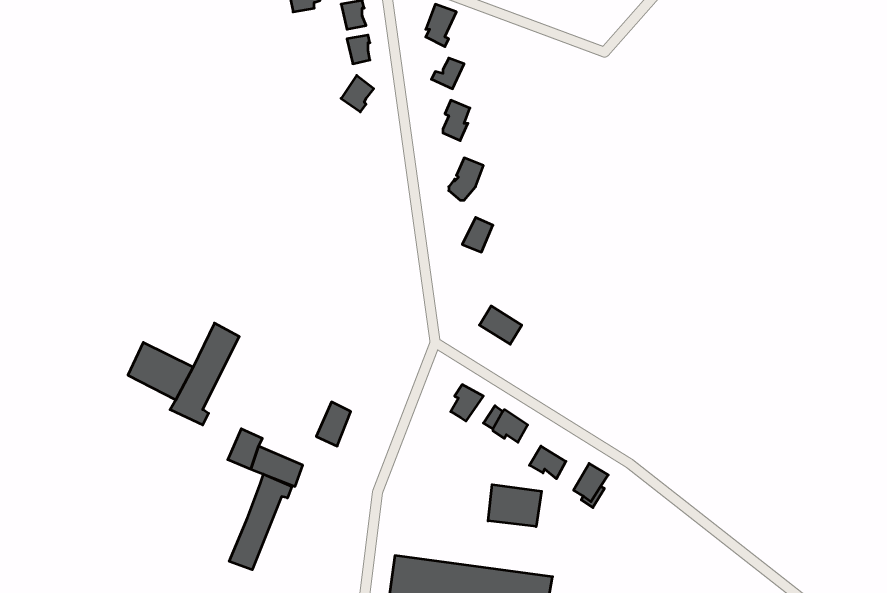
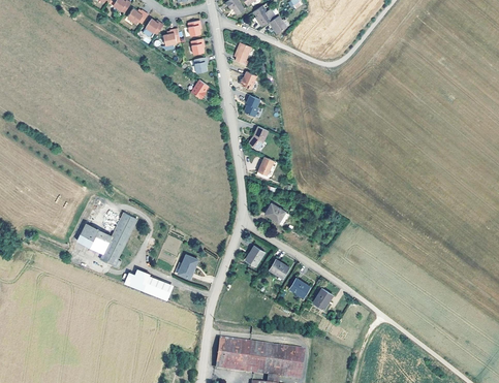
building: [229,474,292,570] -> none
building: [488,485,542,527] -> none

